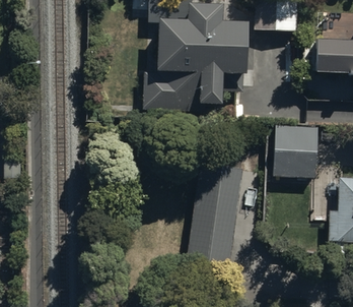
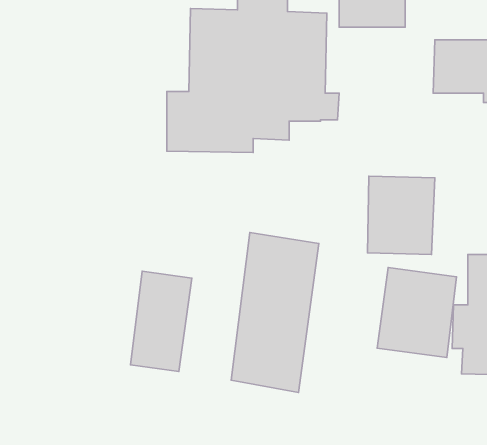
building: none -> [377,267,456,358]
building: none -> [130,271,192,371]

